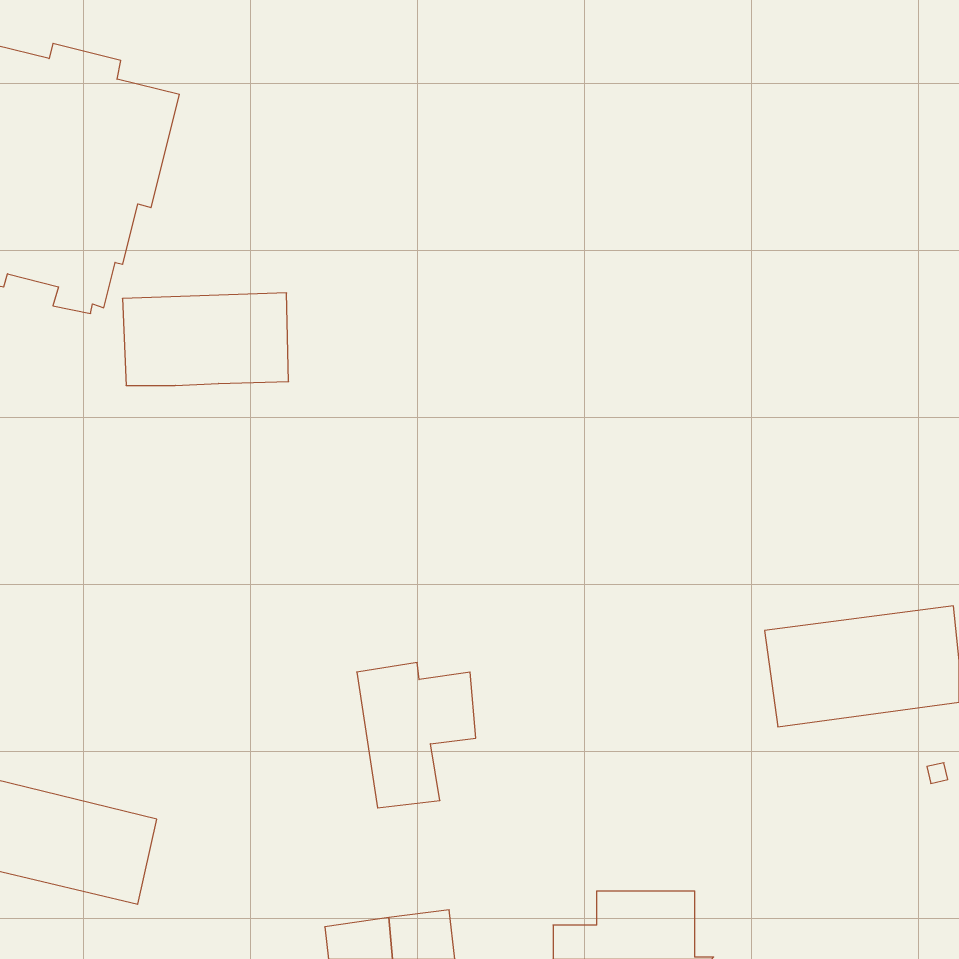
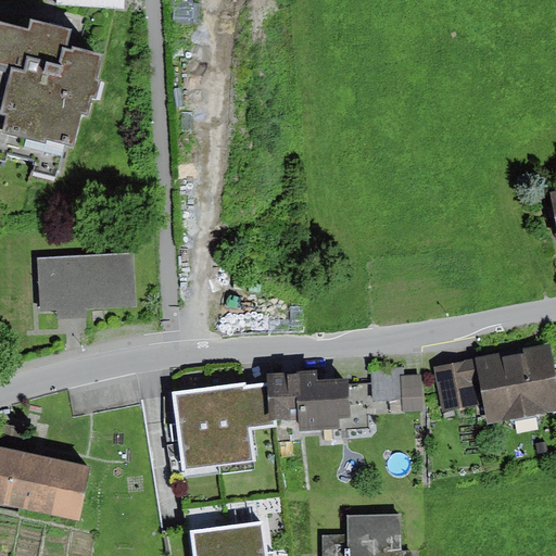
building: [122,293,289,385] -> [39,254,135,307]
building: none -> [367,362,420,412]
building: none -> [269,375,349,434]
building: none -> [173,387,217,469]

